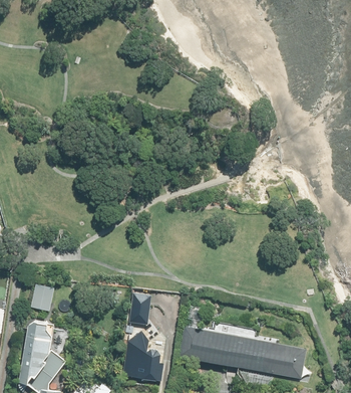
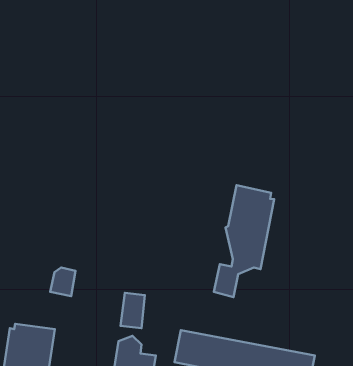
building: none -> [214,185,274,297]
building: [30,285,53,312] -> [50,268,75,296]

